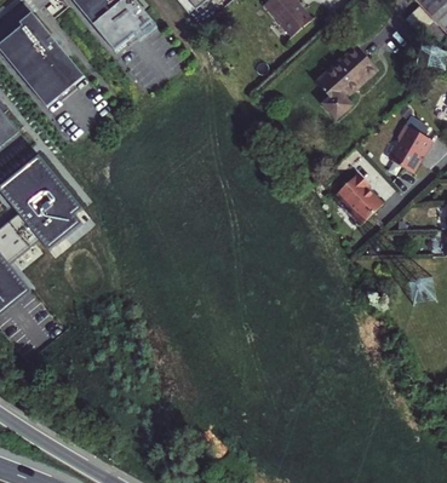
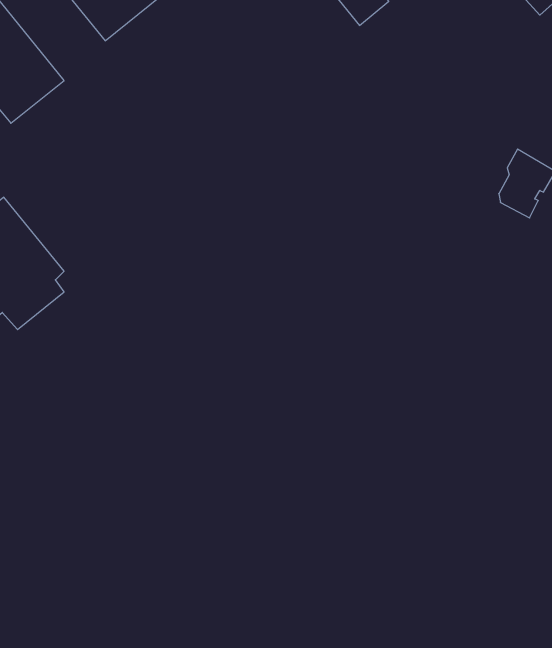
building: [315,42,379,116] -> none
building: [337,173,384,225] -> none

